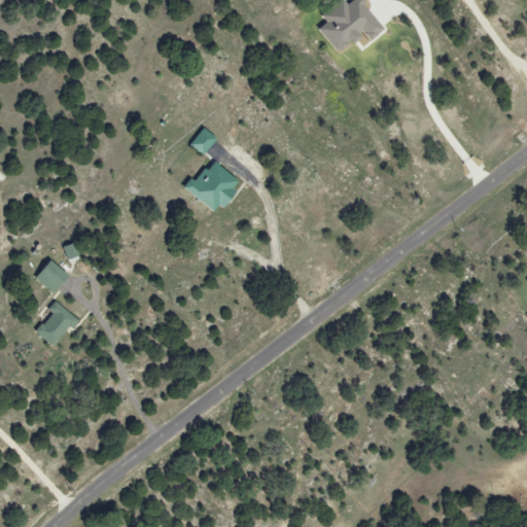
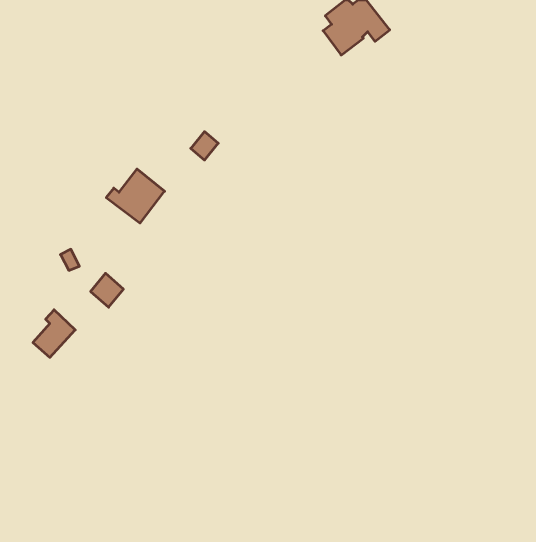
building: [183,161,240,213] -> [106,169,165,223]
building: [36,259,68,292] -> [91,273,123,307]

